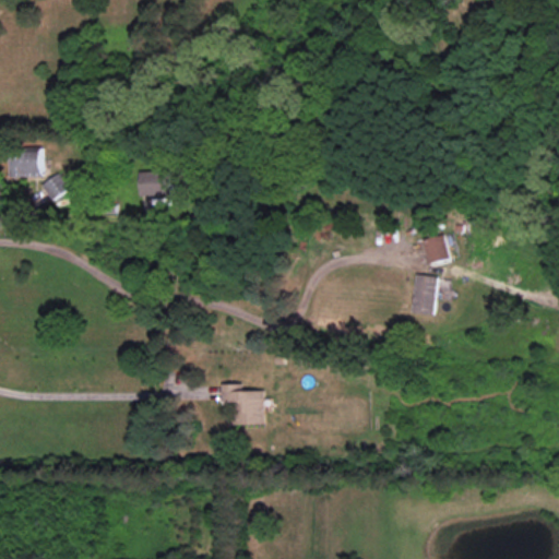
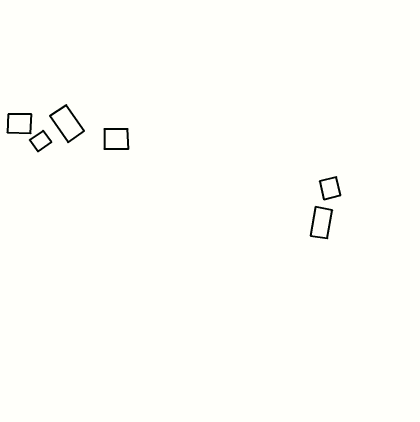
building: none -> [50,105,84,142]
building: [219,384,263,425] -> none

